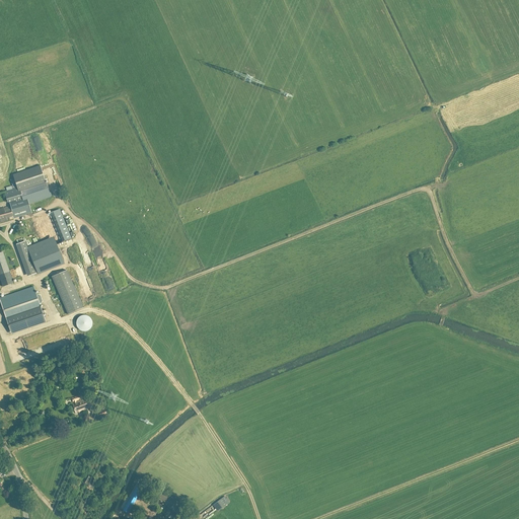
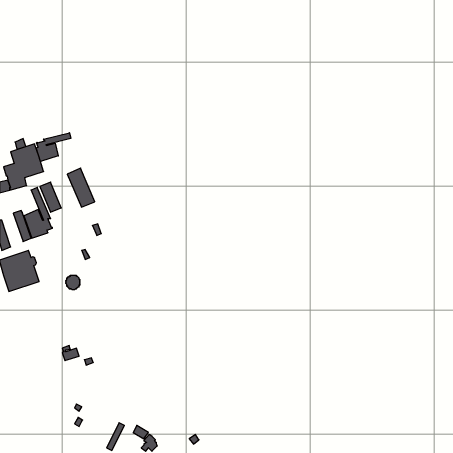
building: none -> [36,133,71,162]
building: [51,269,82,313] -> [67,168,95,207]

